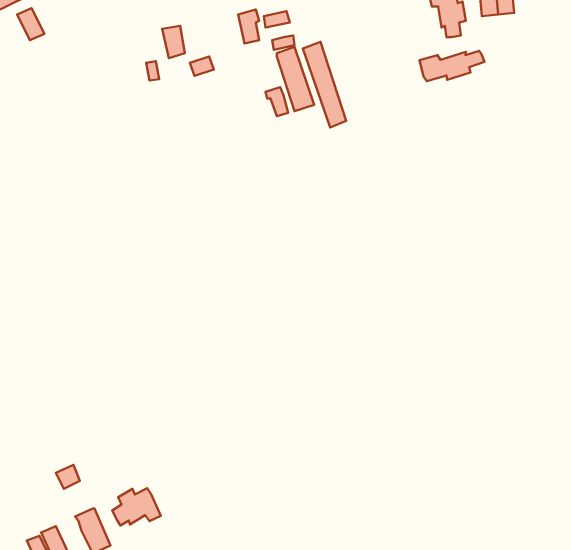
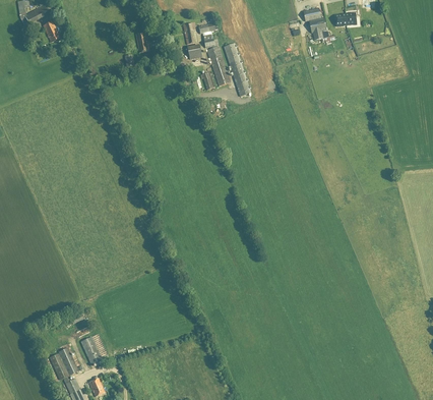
building: [419,51,485,81] -> none
building: [112,488,161,526] -> none

